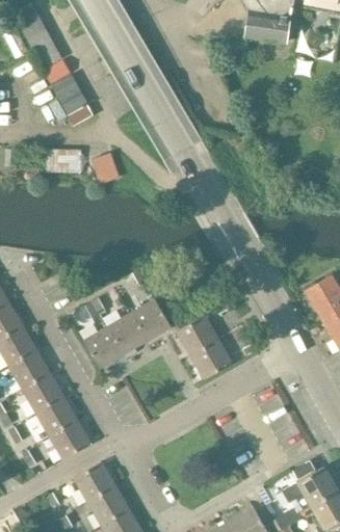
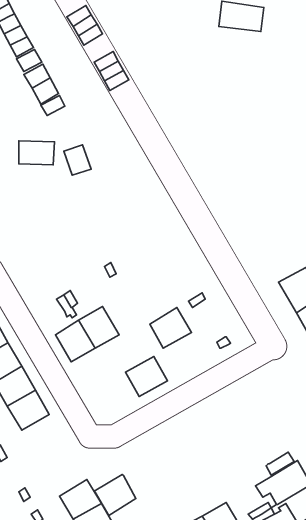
building: [130,300,171,342] -> none
building: [190,340,232,379] -> [126,357,167,396]
building: [50,421,90,460] -> none
building: [73,461,114,502] -> [94,474,136,515]

